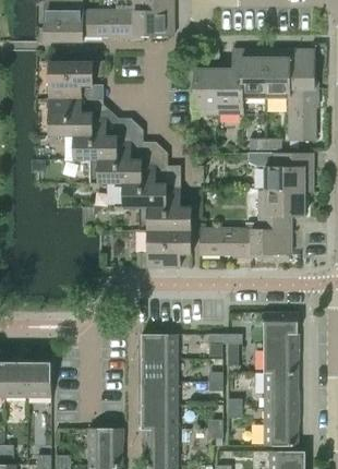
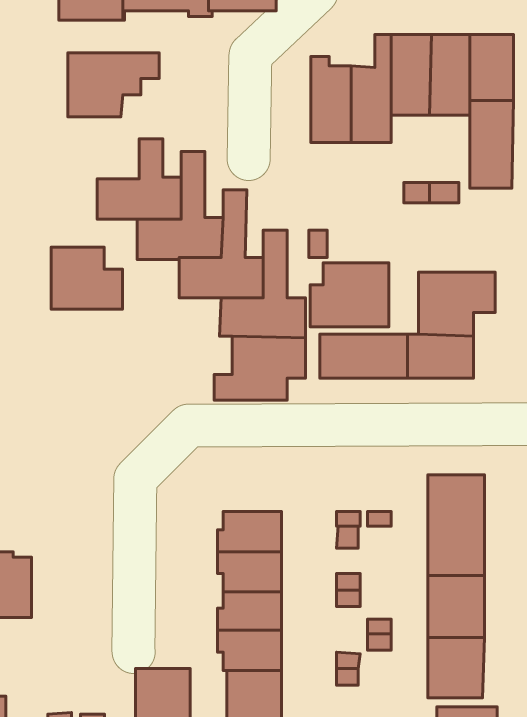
building: [49,99,92,136] -> [51,247,122,309]
building: [265,154,312,192] -> [310,263,389,327]
building: [27,359,51,398] -> none

